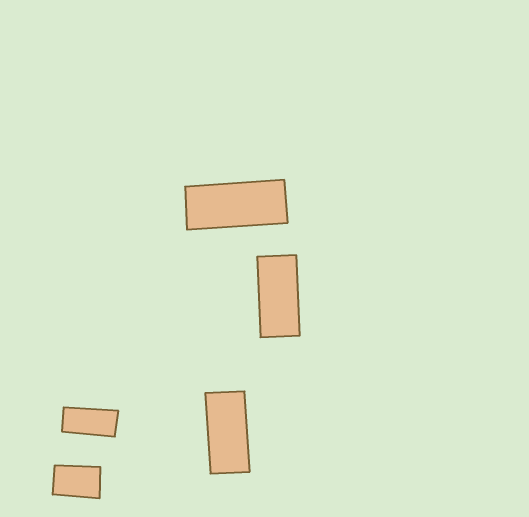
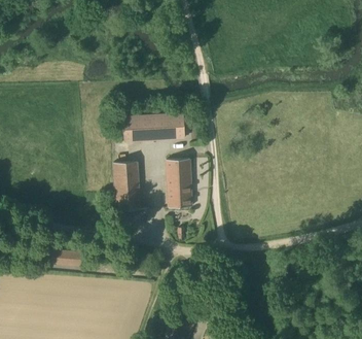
building: [205,391,250,474] -> [114,161,141,210]
building: [53,465,100,498] -> none

